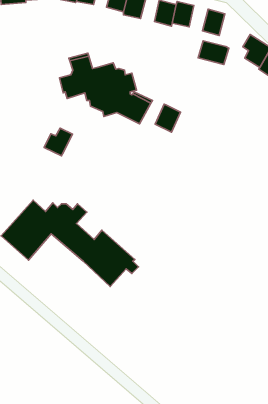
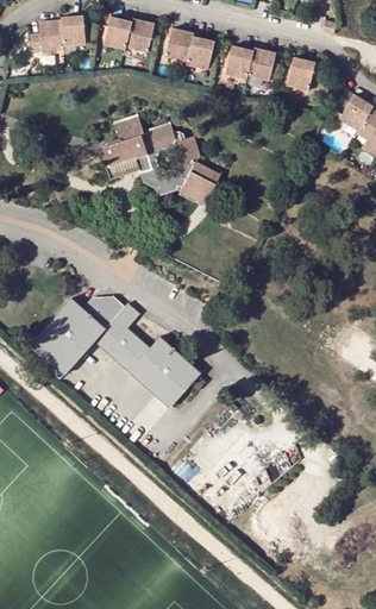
building: [198,41,229,64] -> none
building: [155,104,180,132] -> none
building: [44,128,73,156] -> none

